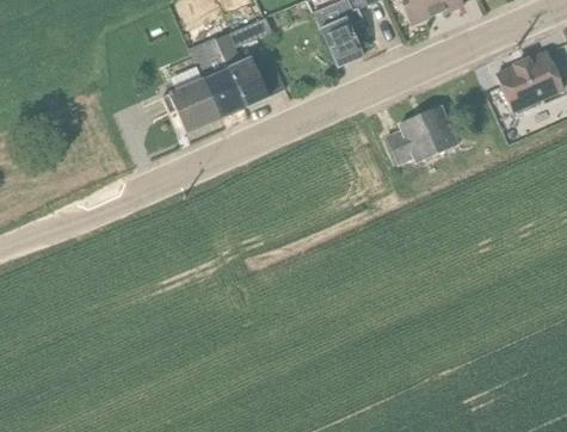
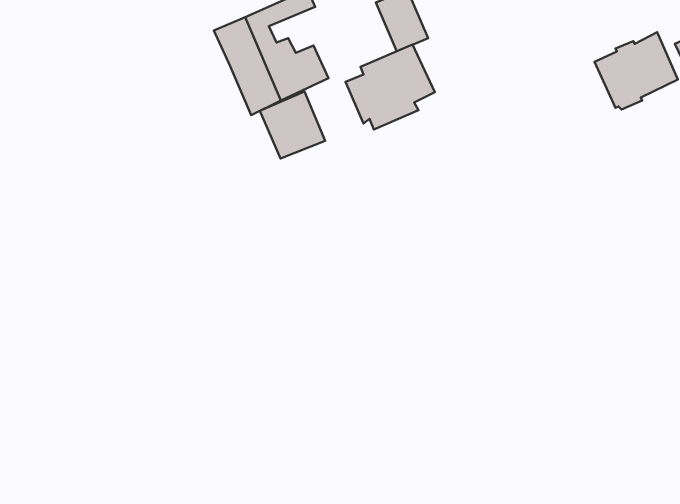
building: [168,78,221,131] -> [260,92,325,158]
building: [387,105,458,173] -> [346,45,435,129]

